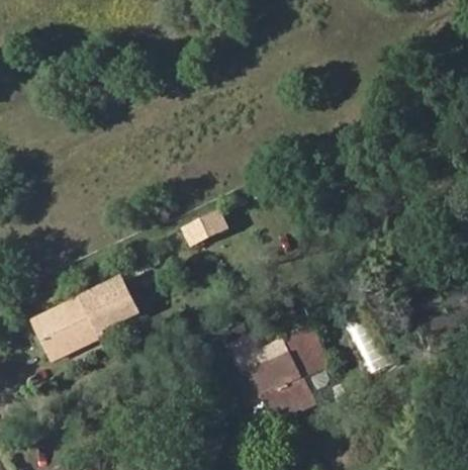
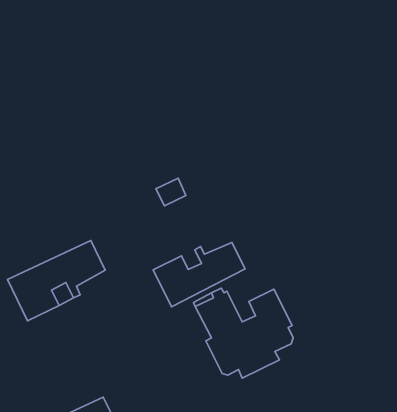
building: none -> [153,243,245,307]

